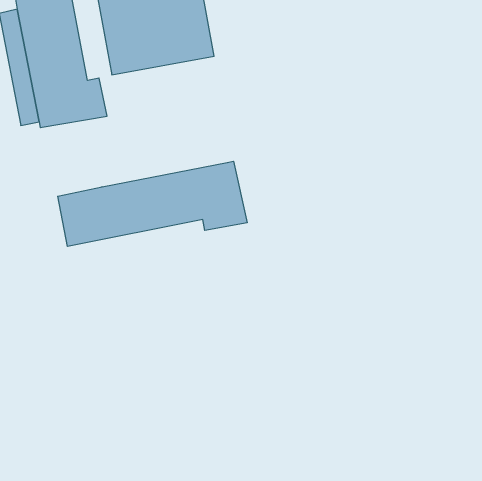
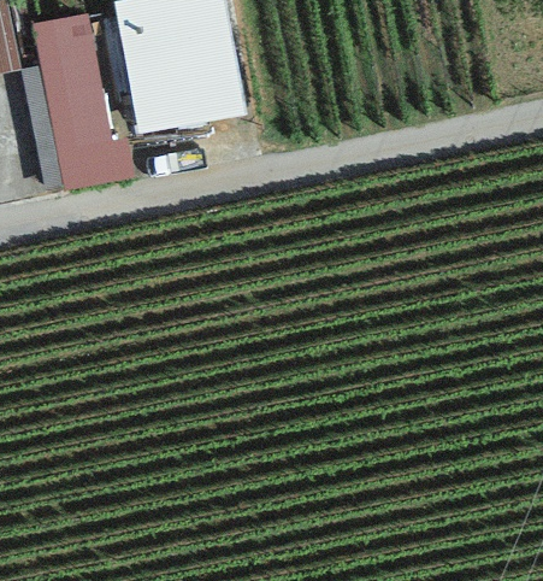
building: [58,161,247,246] -> none

